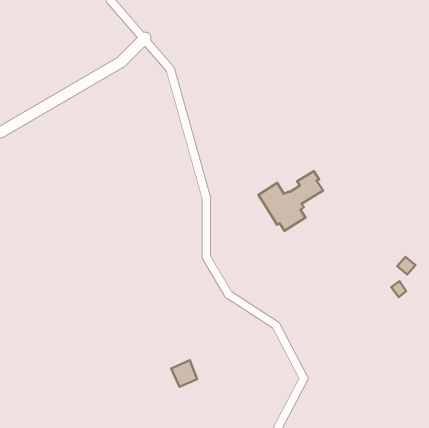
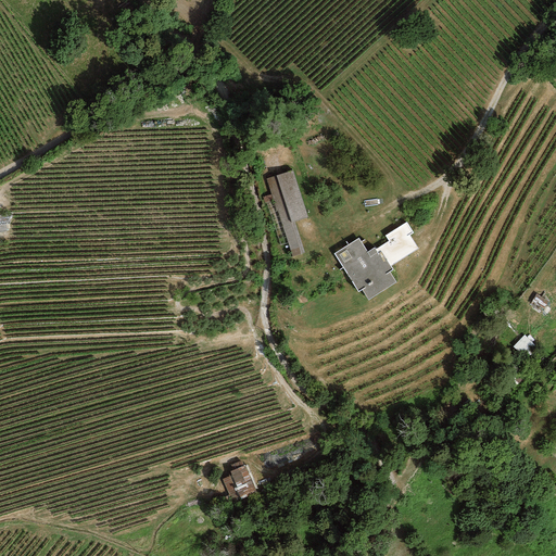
building: none -> [266,170,307,257]

